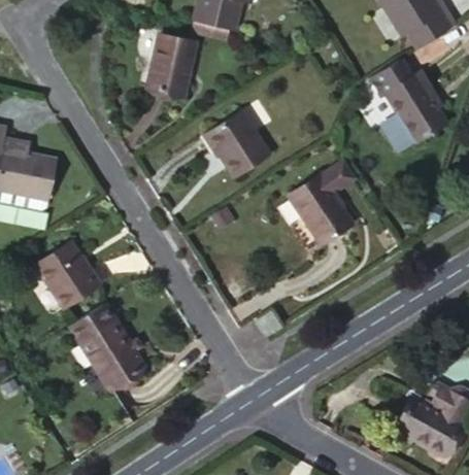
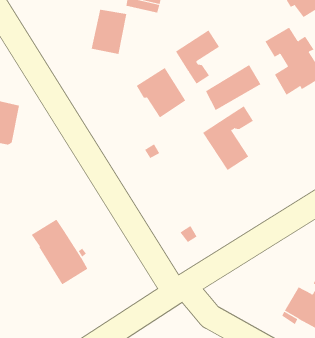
building: none -> [175,30,220,85]
building: none -> [205,64,261,111]
building: [37,241,103,308] -> none

